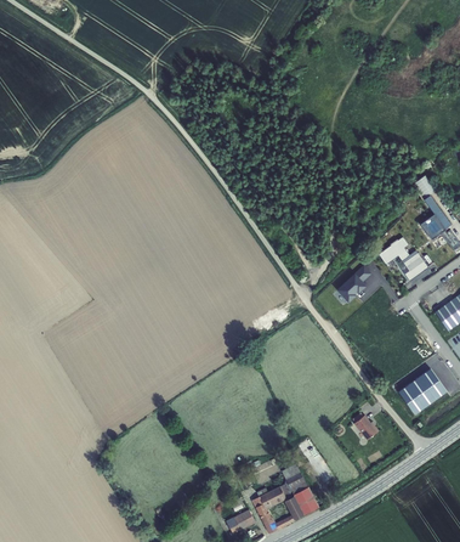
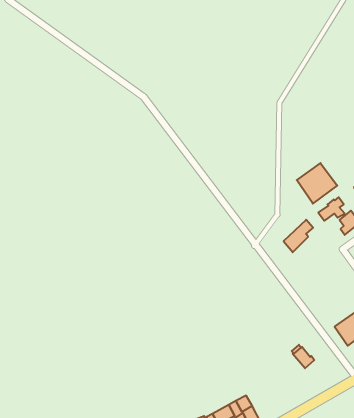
building: none -> [297,163,337,204]

